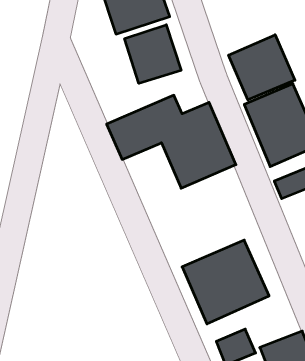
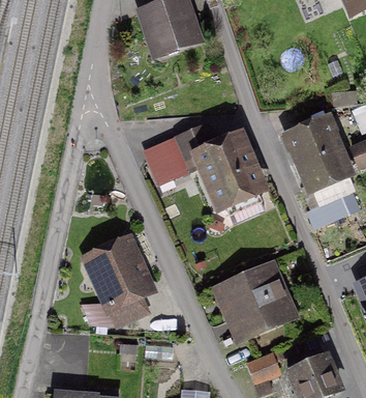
building: [125,25,181,83] -> none
building: [229,35,295,100] -> none
building: none -> [82,237,160,334]

